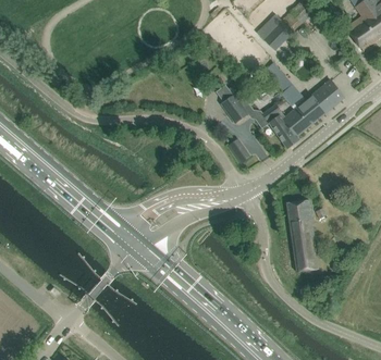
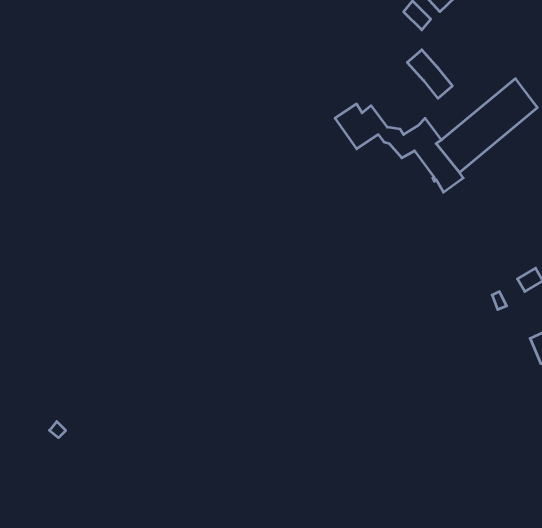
building: [286,199,318,272] -> none

